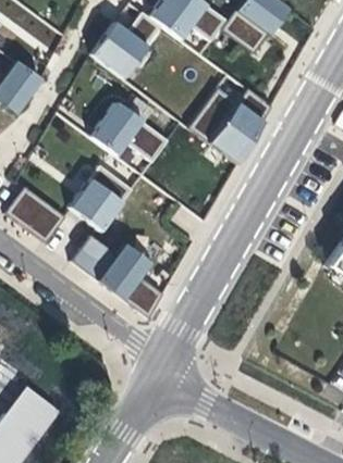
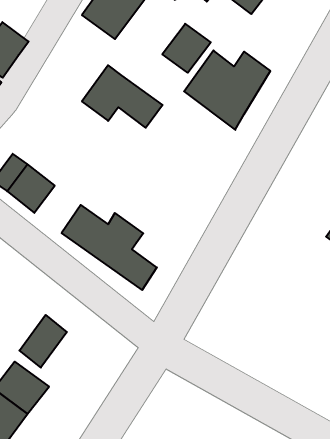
building: none -> [162,24,211,73]
building: [72,165,134,230] -> none
building: none -> [19,315,67,368]

